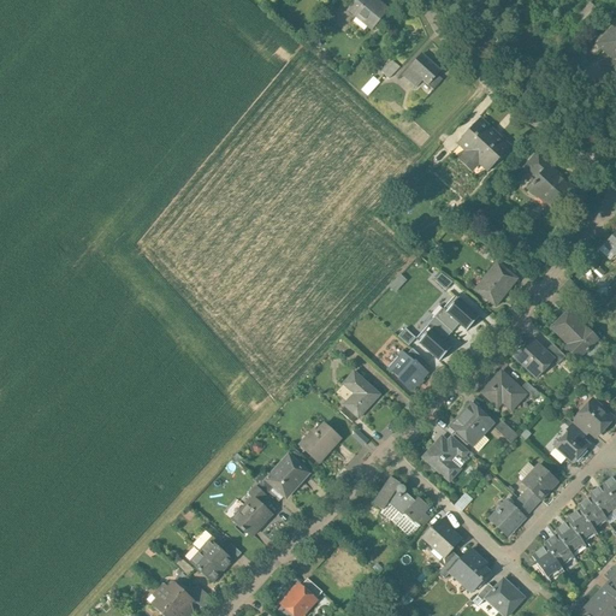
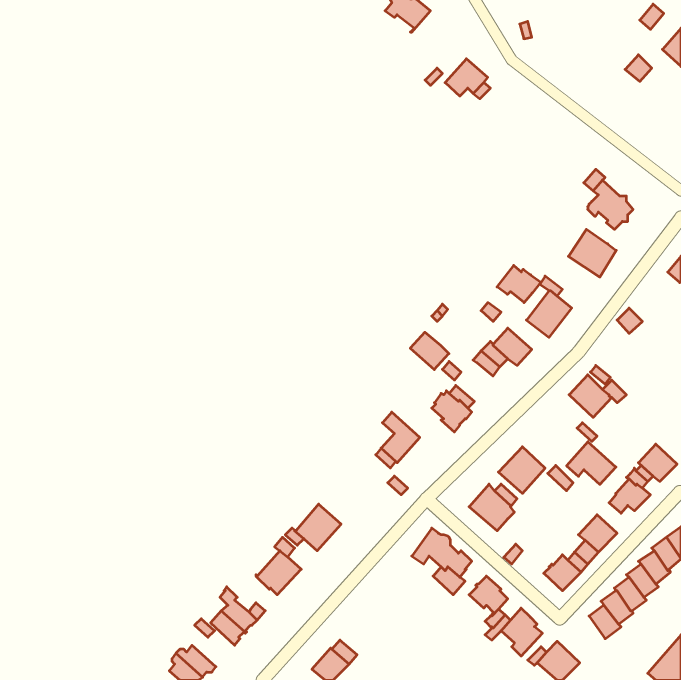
building: [460,122,508,168] -> none
building: none -> [568,229,616,277]
building: none -> [497,265,541,303]
building: [552,312,597,357] -> none
building: [417,327,452,361] -> [410,332,449,370]
building: [481,371,526,409] -> [567,442,616,484]
building: [300,424,340,462] -> none

